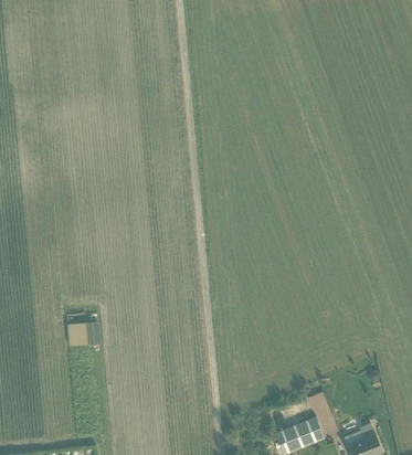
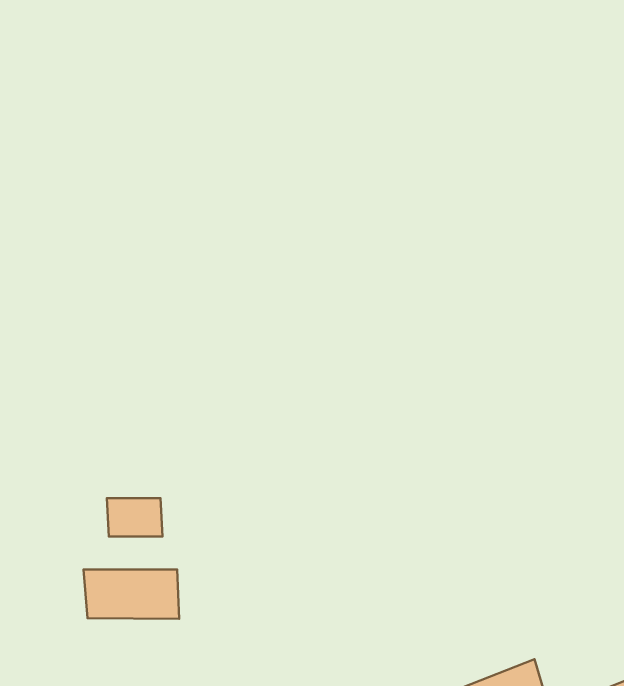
building: none -> [83,569,179,619]

